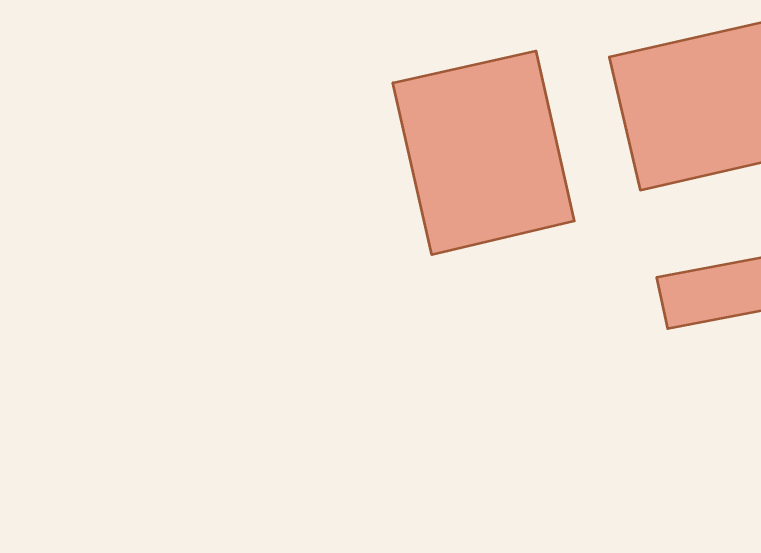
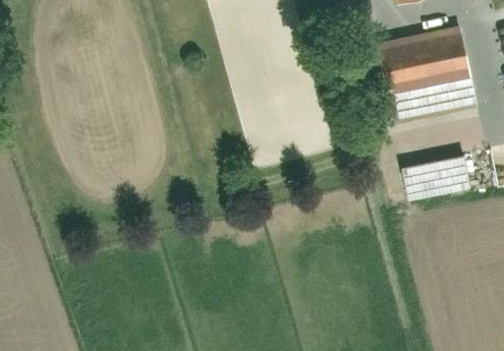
building: [393,51,574,255] -> none

